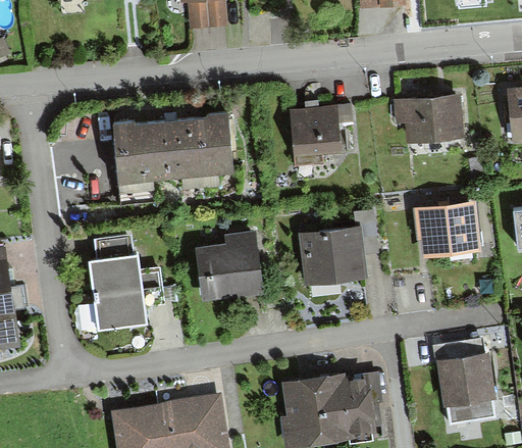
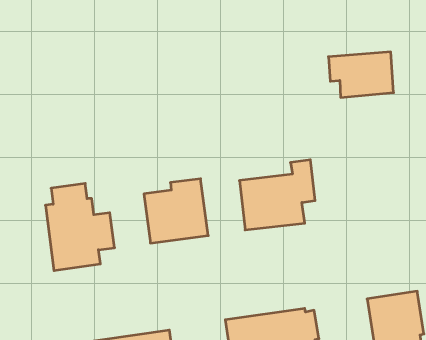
building: [290,104,353,168] -> none
building: [113,110,232,180] -> none
building: [413,199,482,257] -> none

